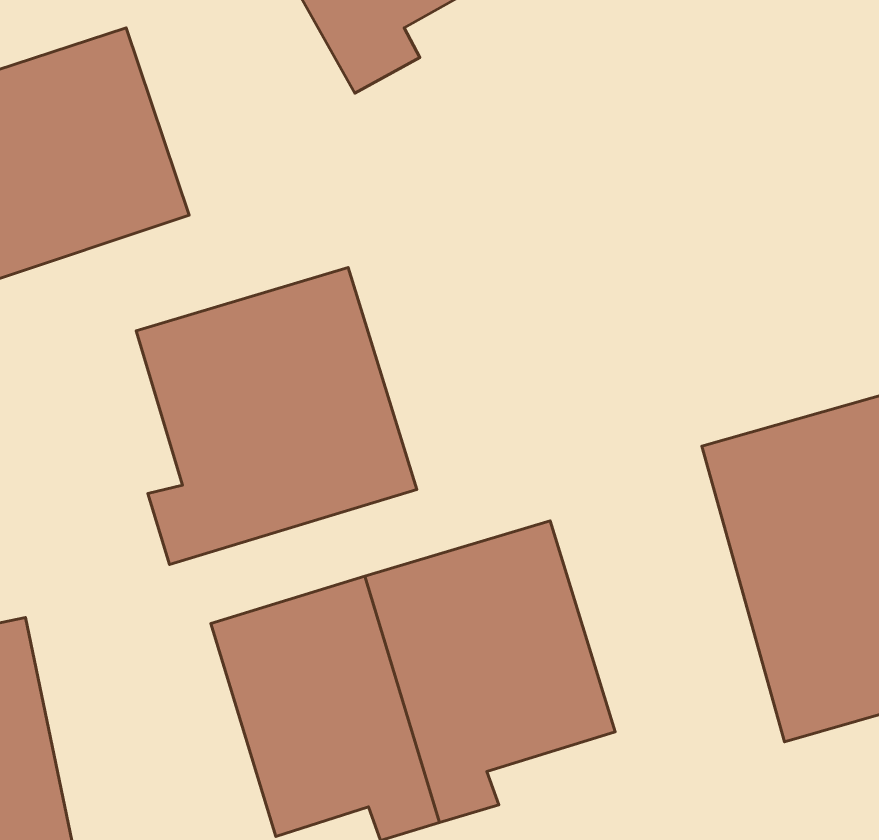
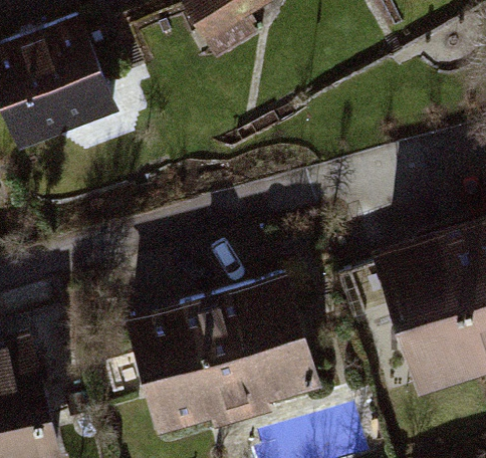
building: [136,267,417,565] -> none

